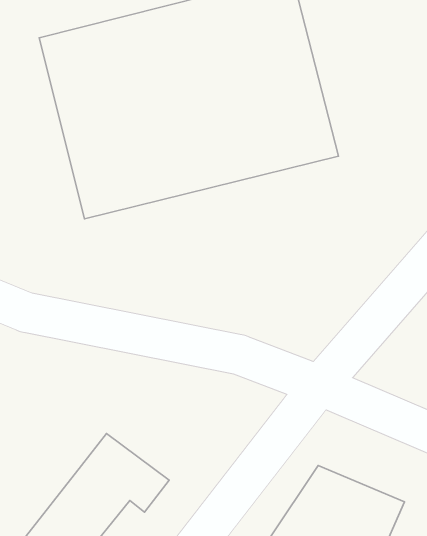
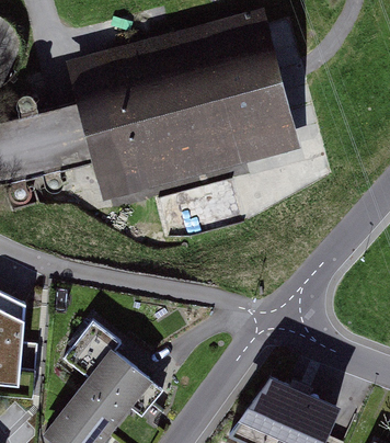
building: none -> [69,327,122,382]

